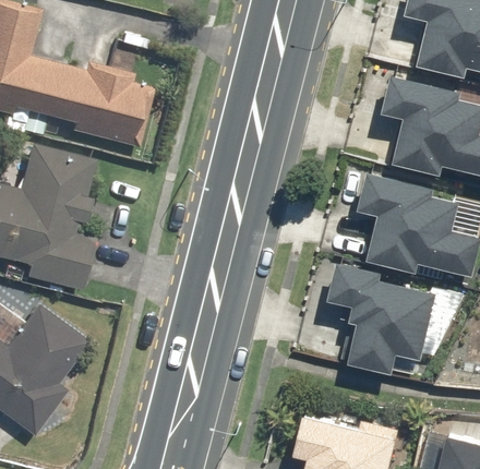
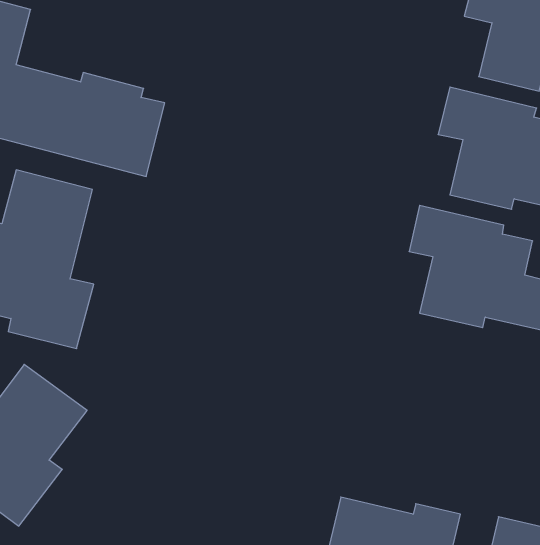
building: [327,262,437,374] -> none

